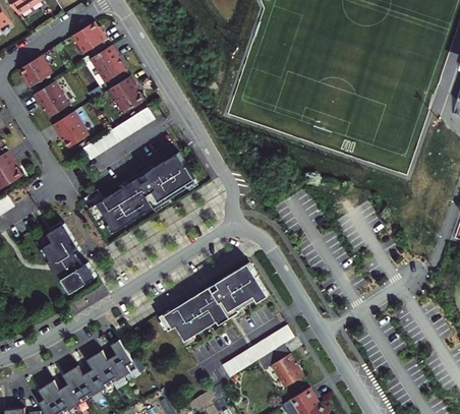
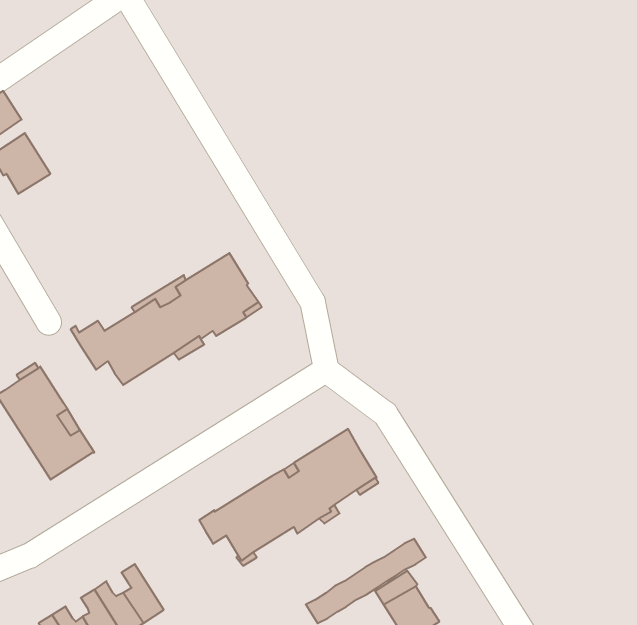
building: [72,22,107,54] -> none
building: [90,46,124,82] -> none
building: [109,75,143,113] -> none
building: [80,108,153,161] -> none
building: [52,112,88,147] -> none

